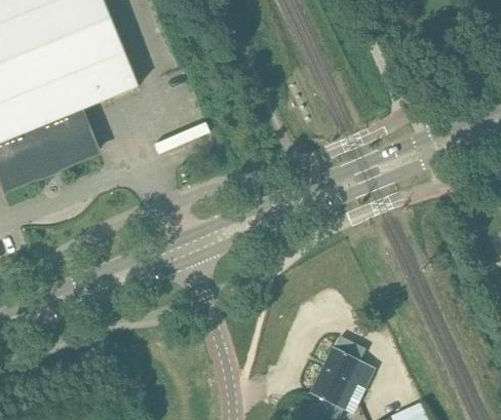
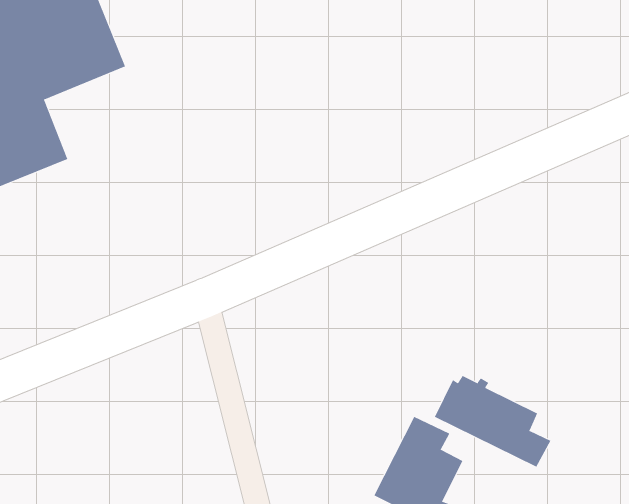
building: none -> [434,375,551,468]

